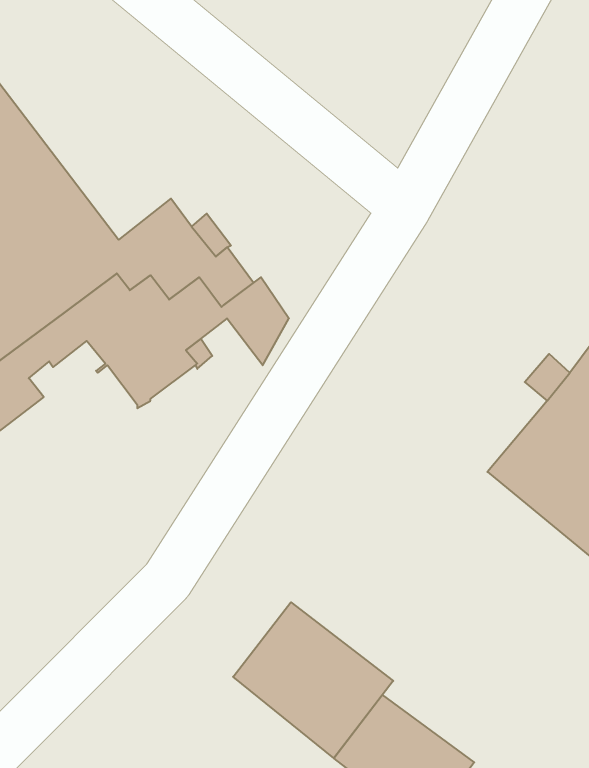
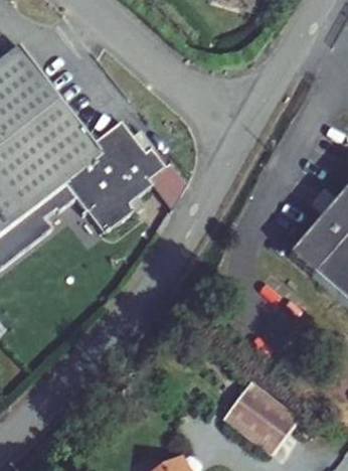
building: [233,602,393,758] -> none

